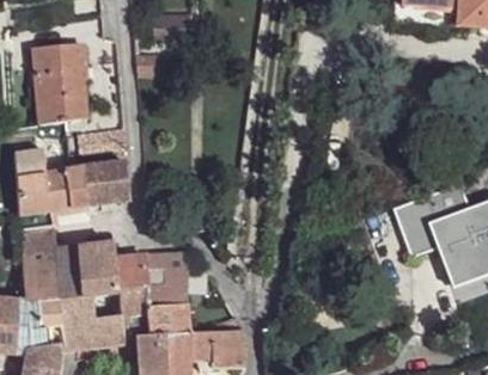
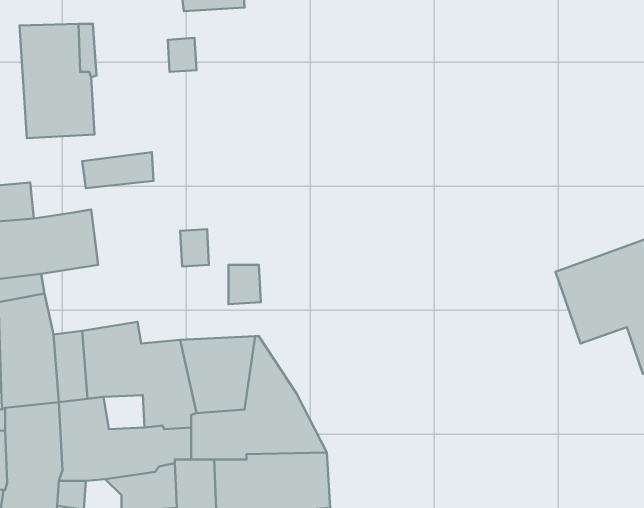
building: [84,160,130,203] -> none

